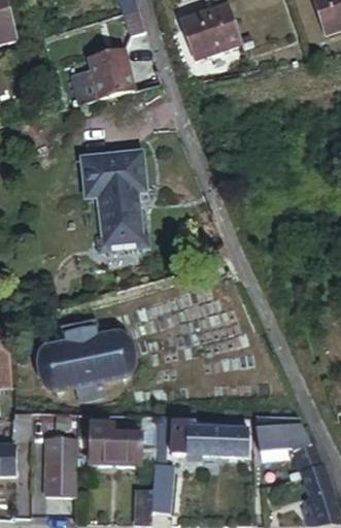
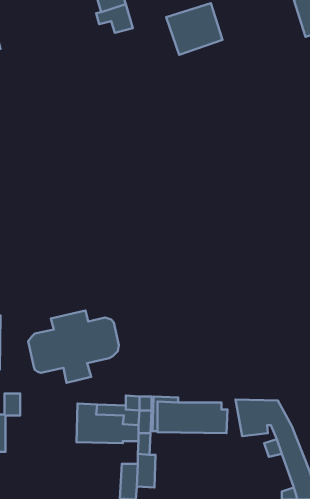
building: [69,42,133,100] -> none
building: [84,148,146,246] -> none
building: [43,437,77,498] -> none

